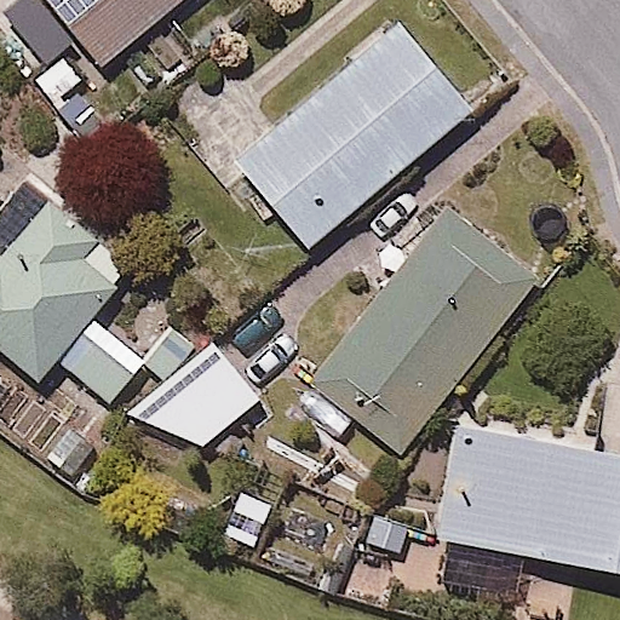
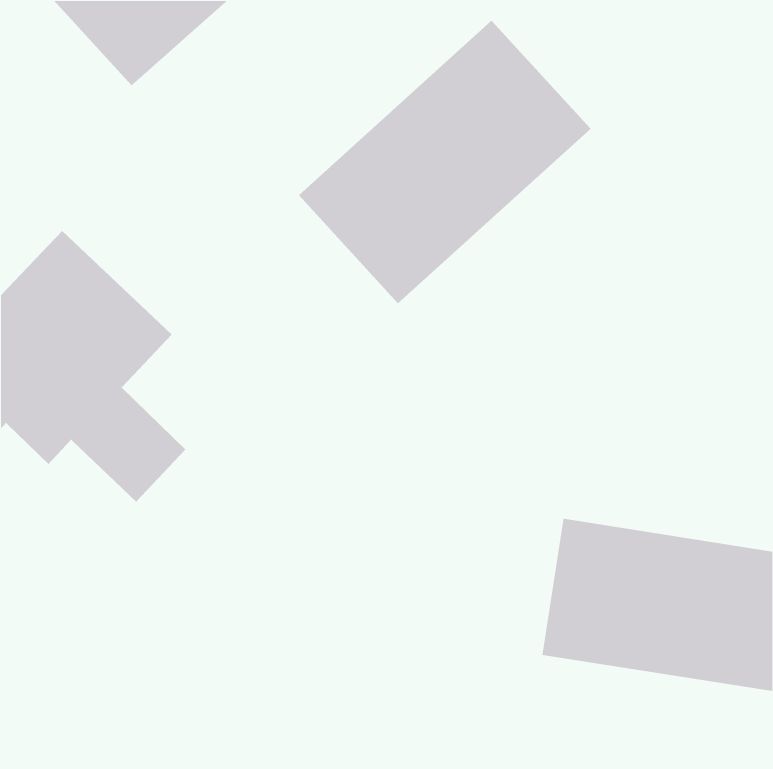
building: [308,203,529,452] -> none
building: [125,343,257,470] -> none

